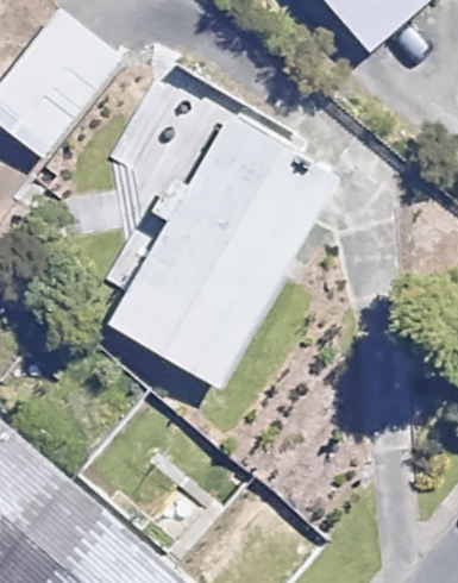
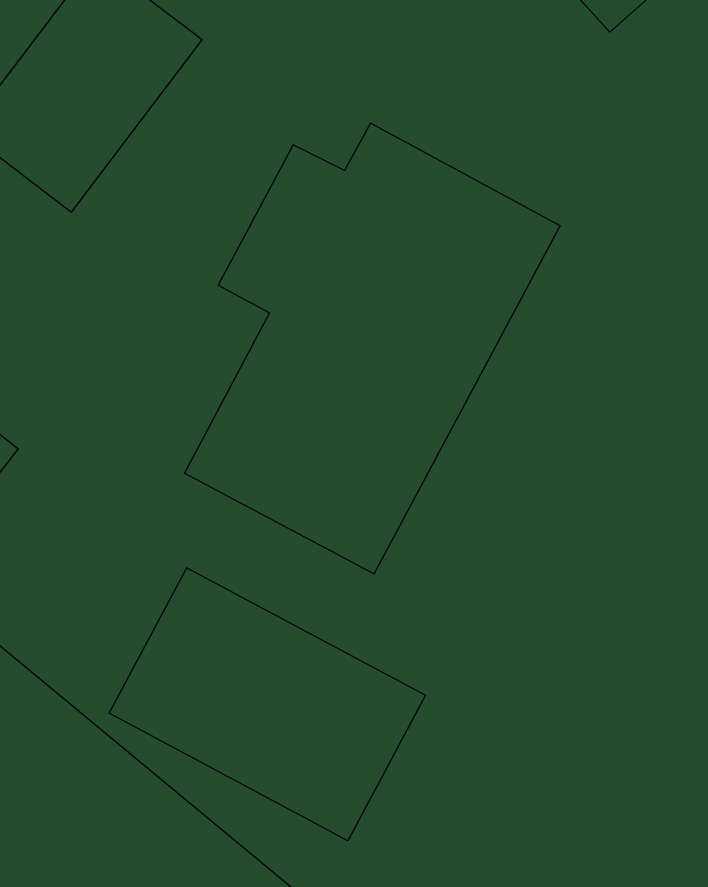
building: none -> [109,568,426,841]

